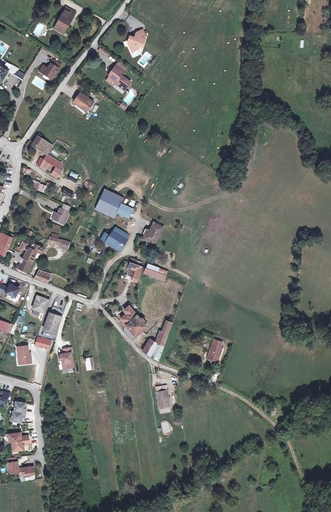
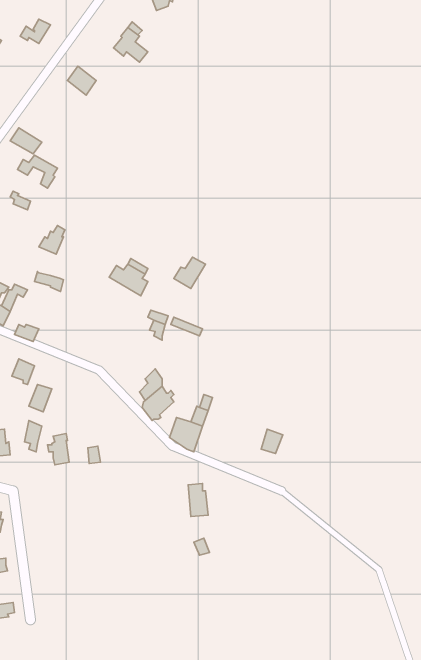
building: [94,188,131,218] -> none

